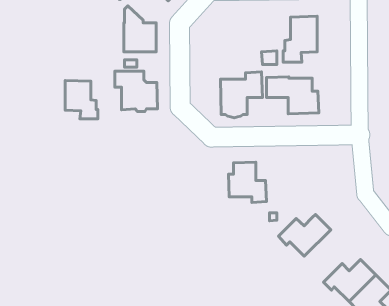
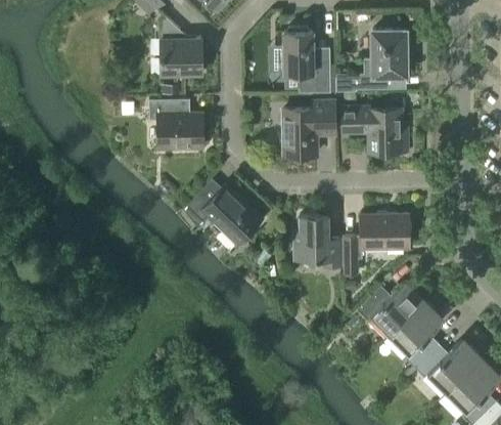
building: none -> [284,27,330,92]
building: [65,80,98,119] -> none
building: none -> [183,186,262,244]
building: none -> [344,214,412,273]
building: none -> [390,301,443,368]

